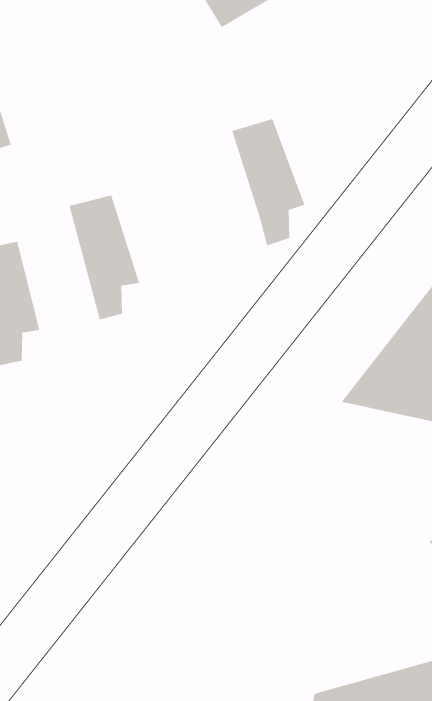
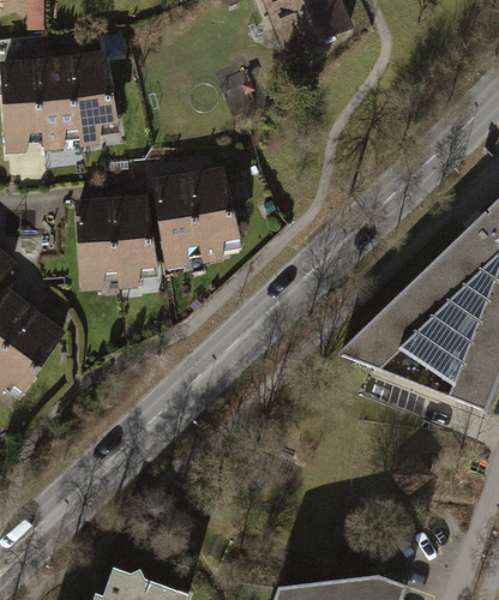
building: [231,118,306,246] -> [185,166,234,264]
building: none -> [107,193,151,289]

